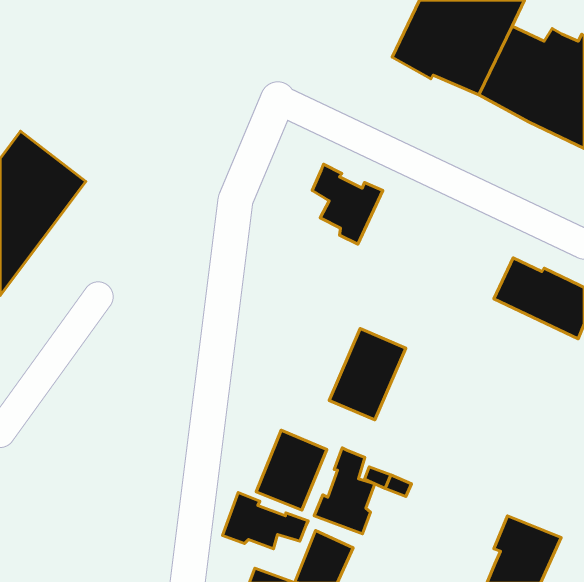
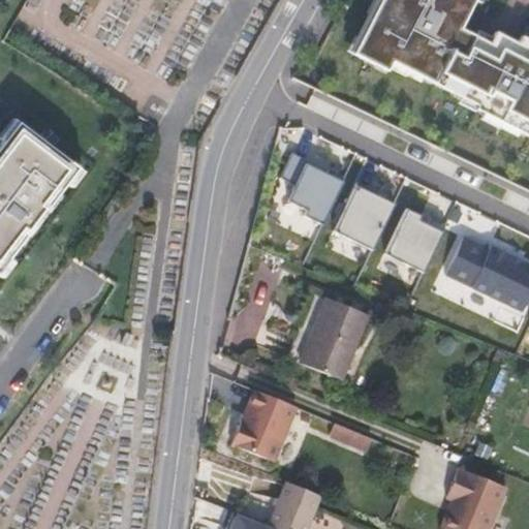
building: none -> [336,180,395,247]
building: none -> [386,208,445,269]
building: [314,448,375,534] -> none
building: [222,492,308,549] -> none

